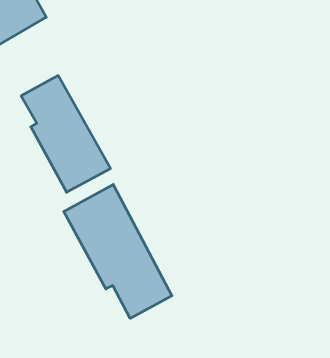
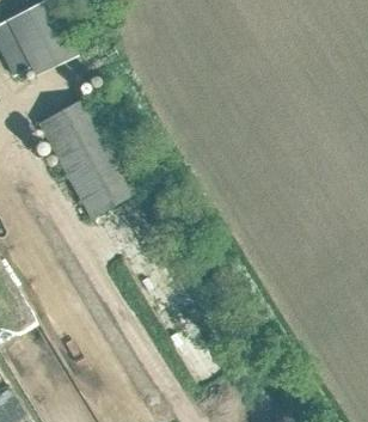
building: [64,184,172,318] -> none

